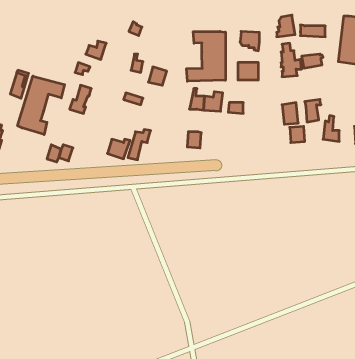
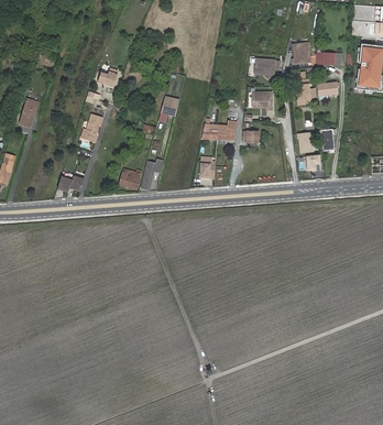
building: [187,31,225,81] -> none
building: [18,76,65,135] -> none

